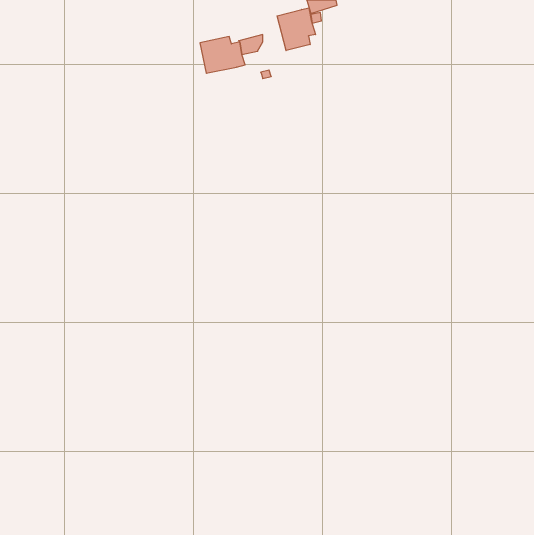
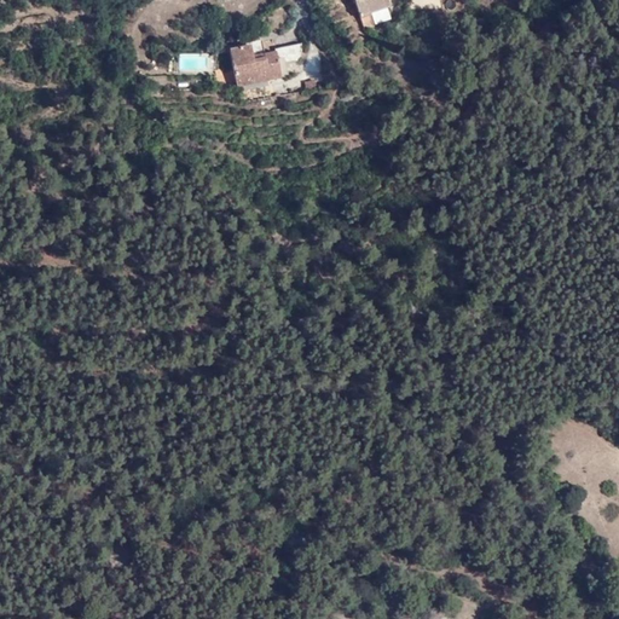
building: [277,8,315,51] -> none

